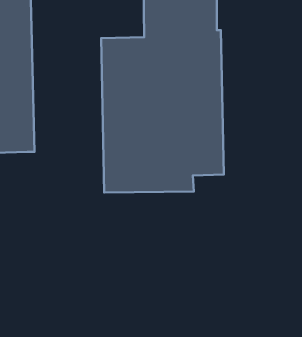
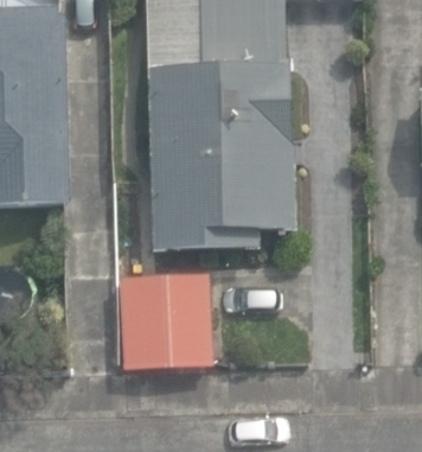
building: none -> [117,276,207,369]

